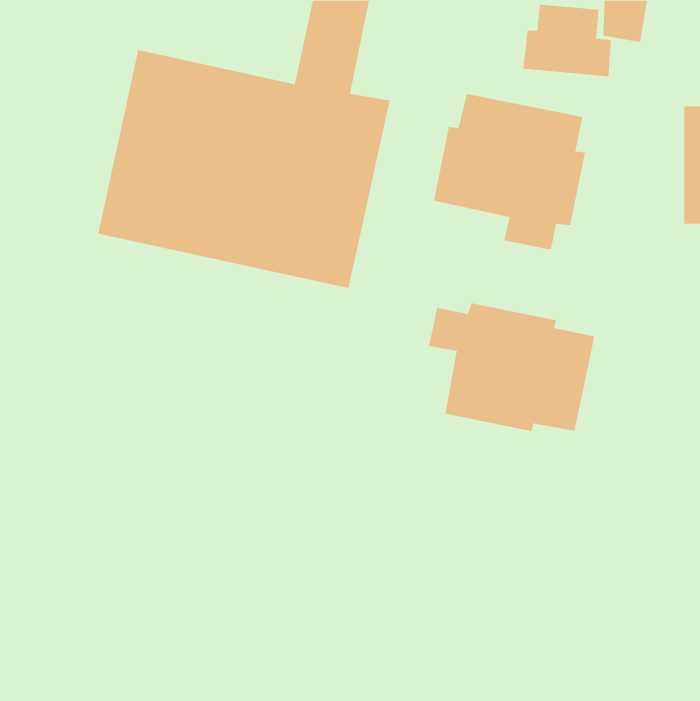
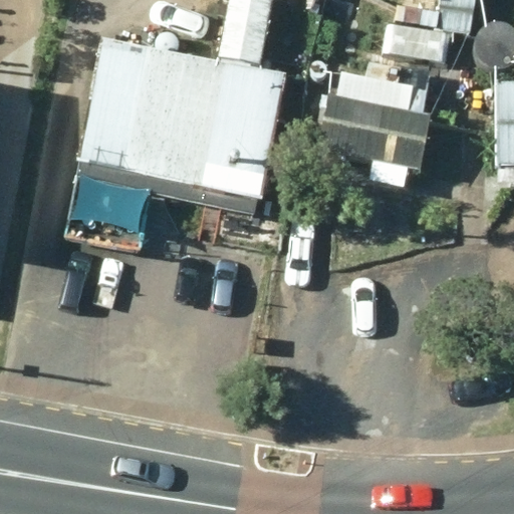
building: [429,303,595,432] -> none

